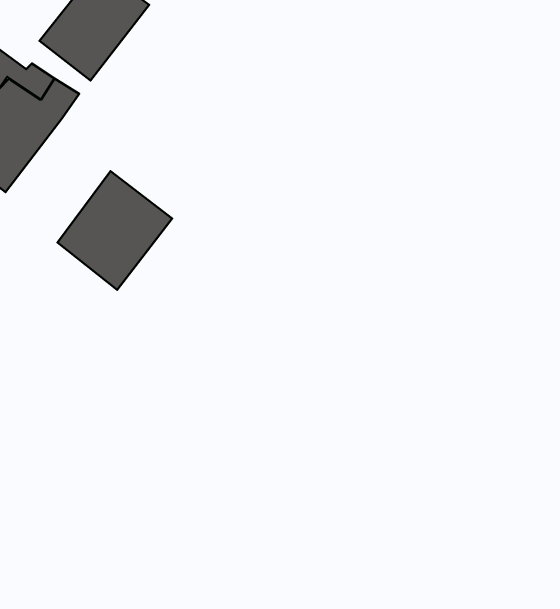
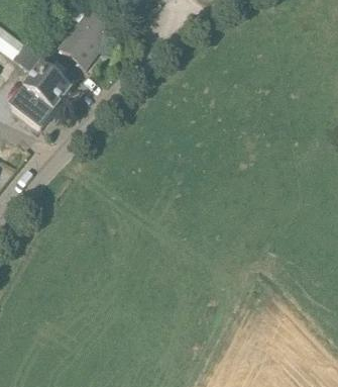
building: [58,171,172,290] -> none

